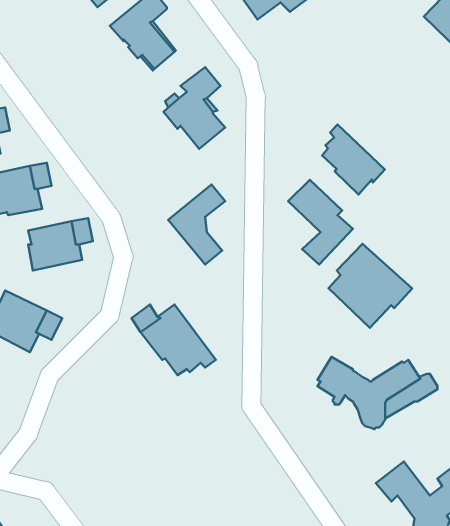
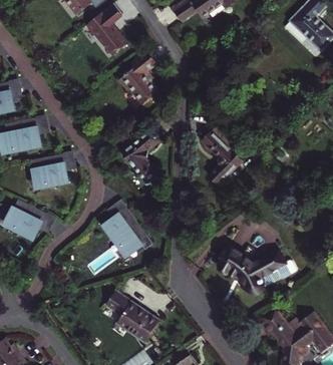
building: [322,124,385,195] -> none
building: [328,244,412,328] -> none
building: none -> [105,290,158,342]

